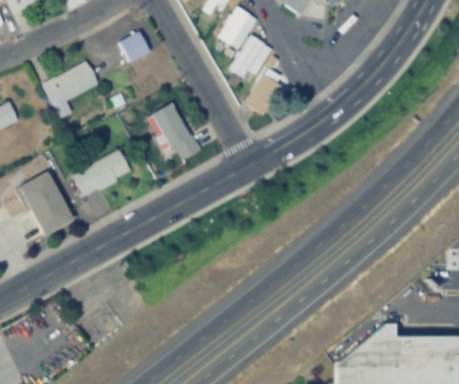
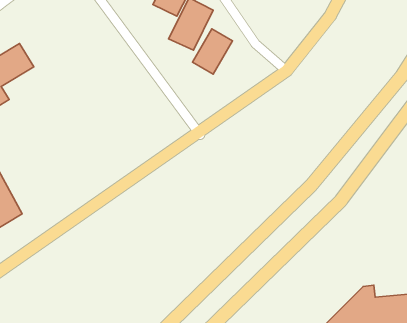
building: [119,31,151,64] -> none
building: [148,102,199,160] -> none
building: [72,150,132,196] -> none

